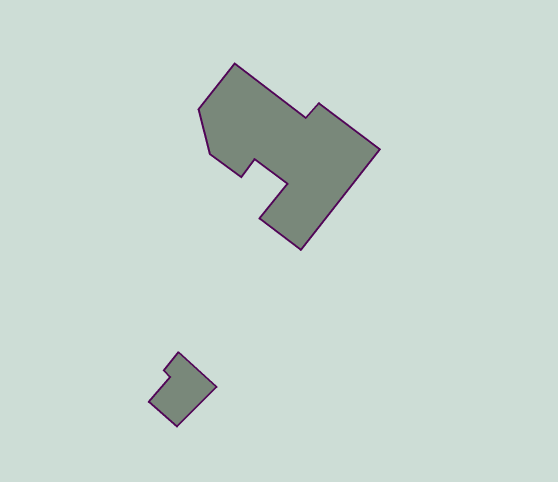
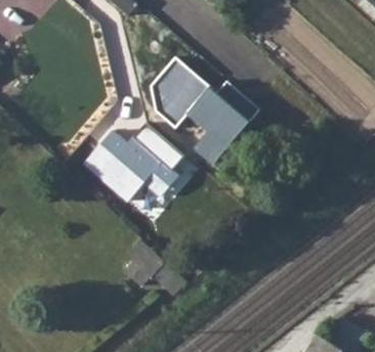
building: none -> [83,126,182,201]

